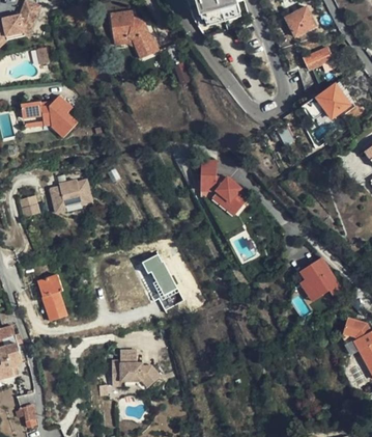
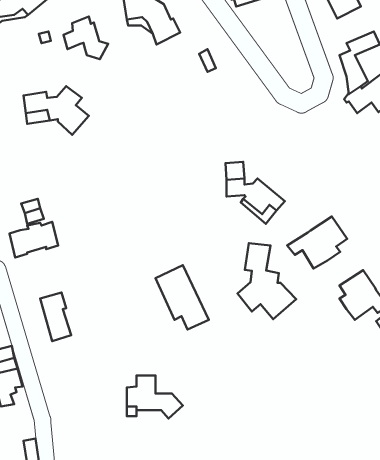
building: none -> [64,16,108,59]
building: [51,179,93,210] -> [9,222,58,257]
building: none -> [287,216,347,269]
building: none -> [238,243,296,319]

